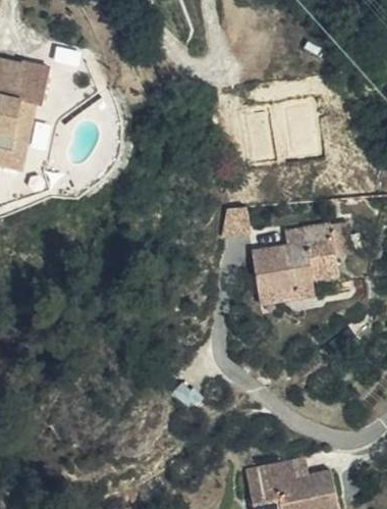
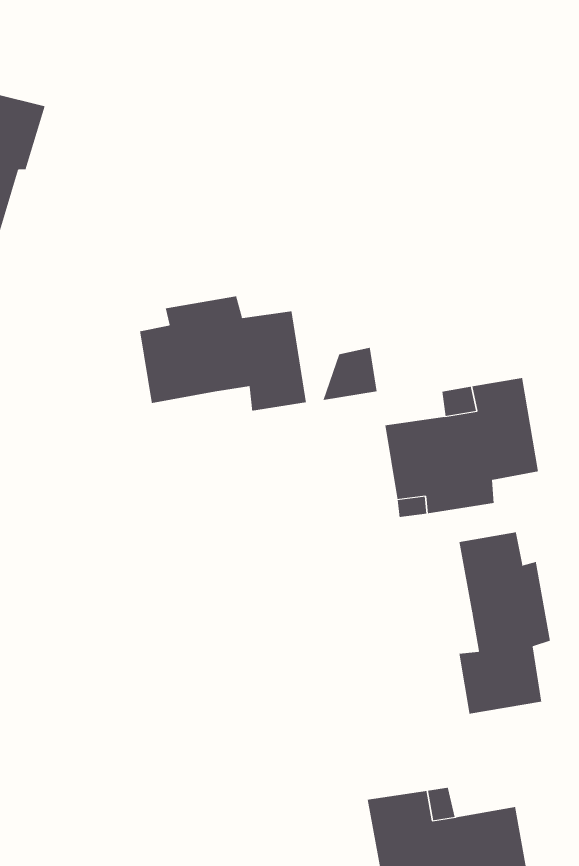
building: none -> [139,295,307,412]
building: none -> [459,531,550,714]

